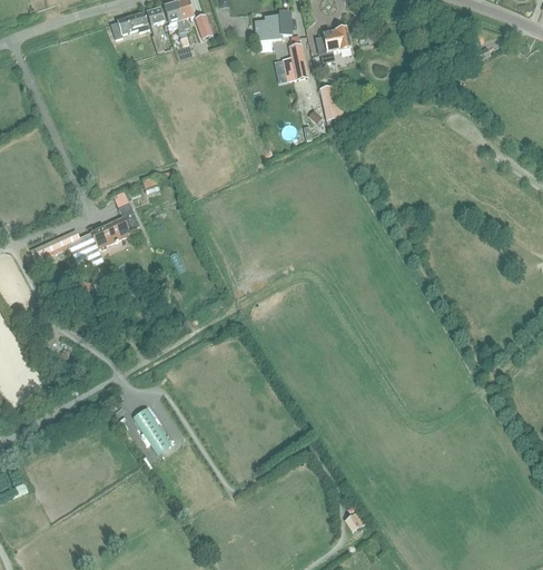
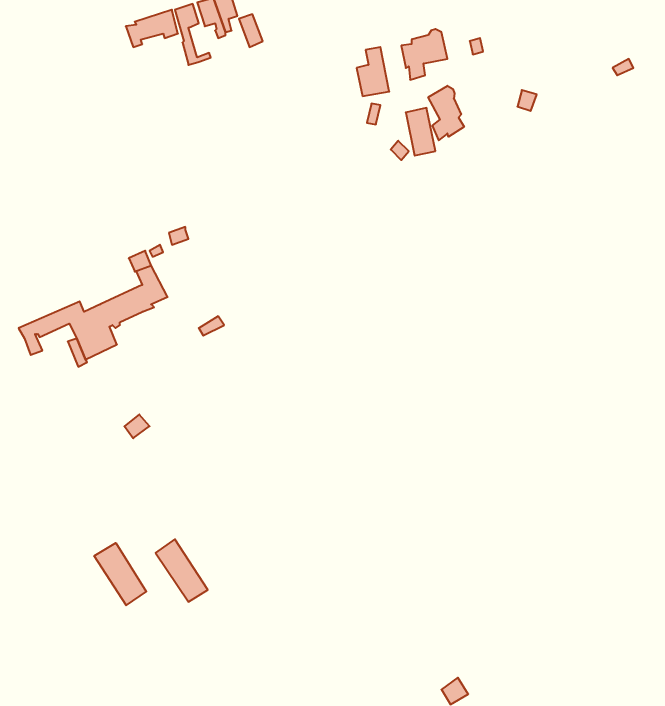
building: [256,11,292,39] -> none
building: none -> [428,86,464,140]
building: none -> [94,543,146,605]

